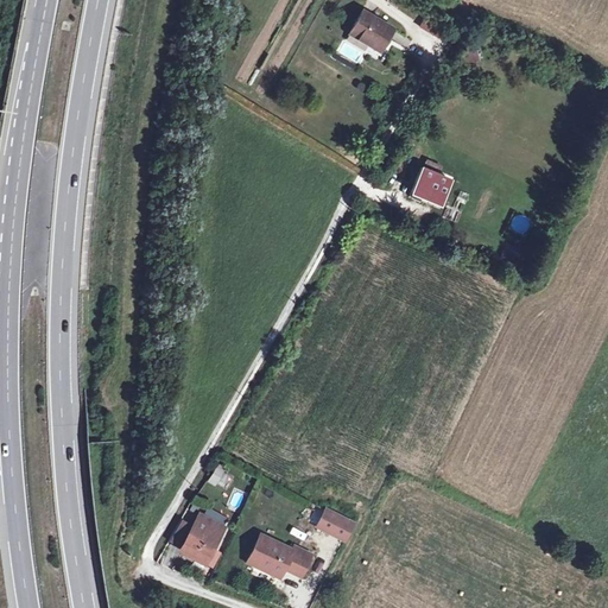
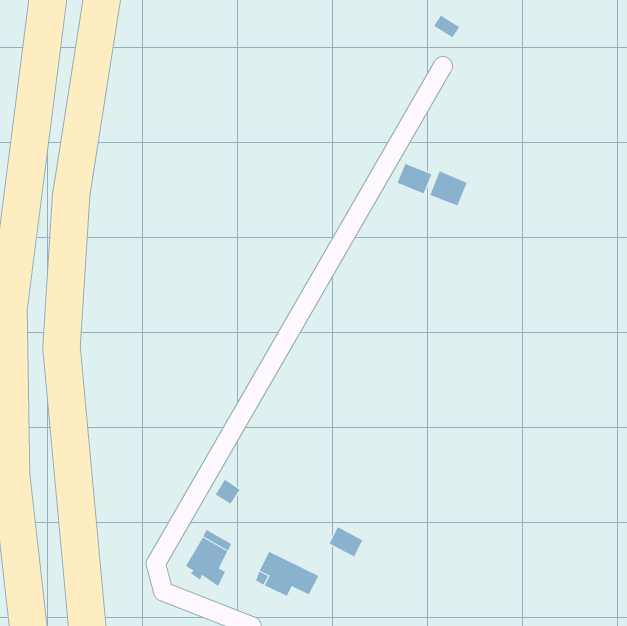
building: [350,10,395,51] -> none
building: none -> [397,163,432,194]

